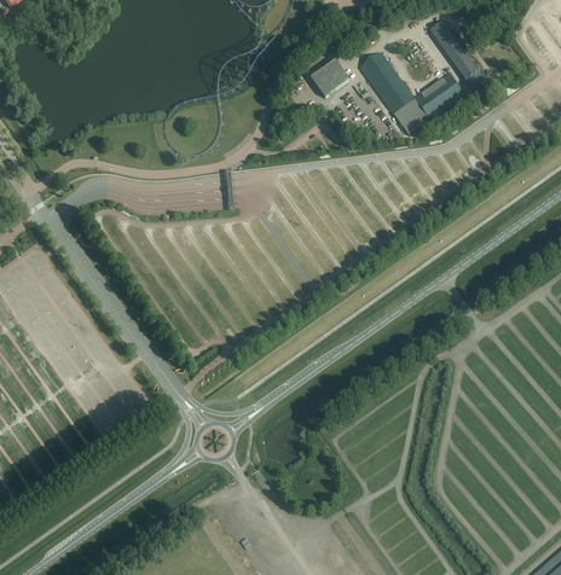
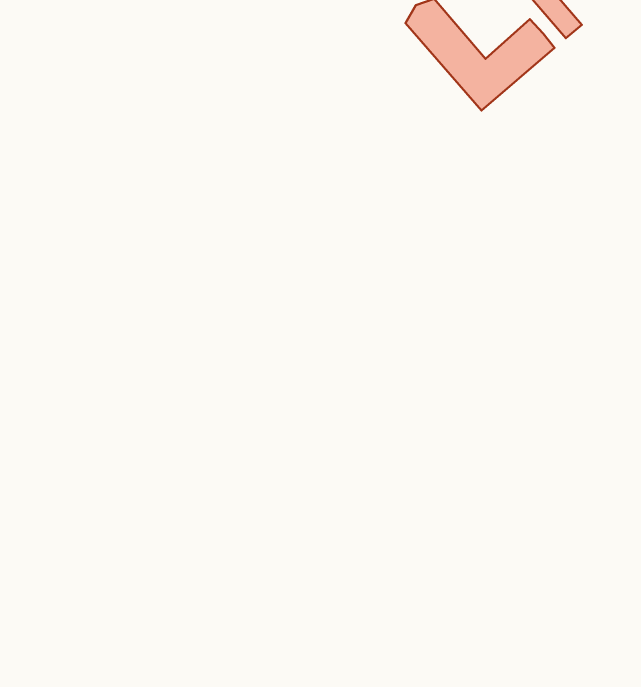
building: [310,58,348,94] -> none

